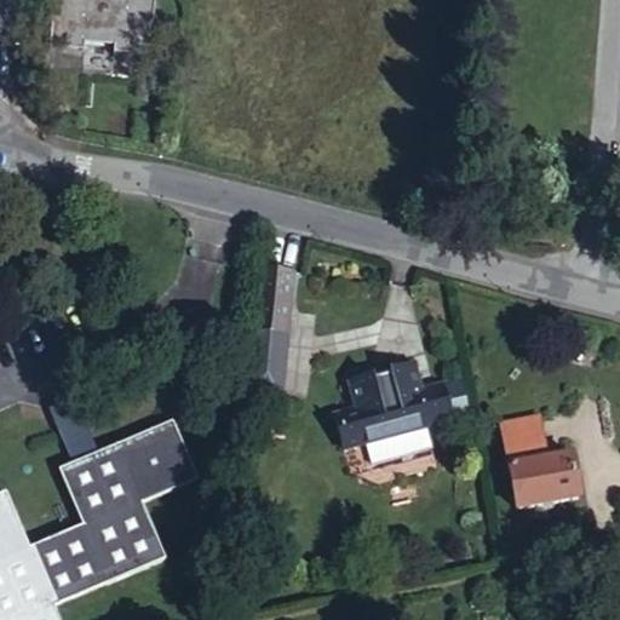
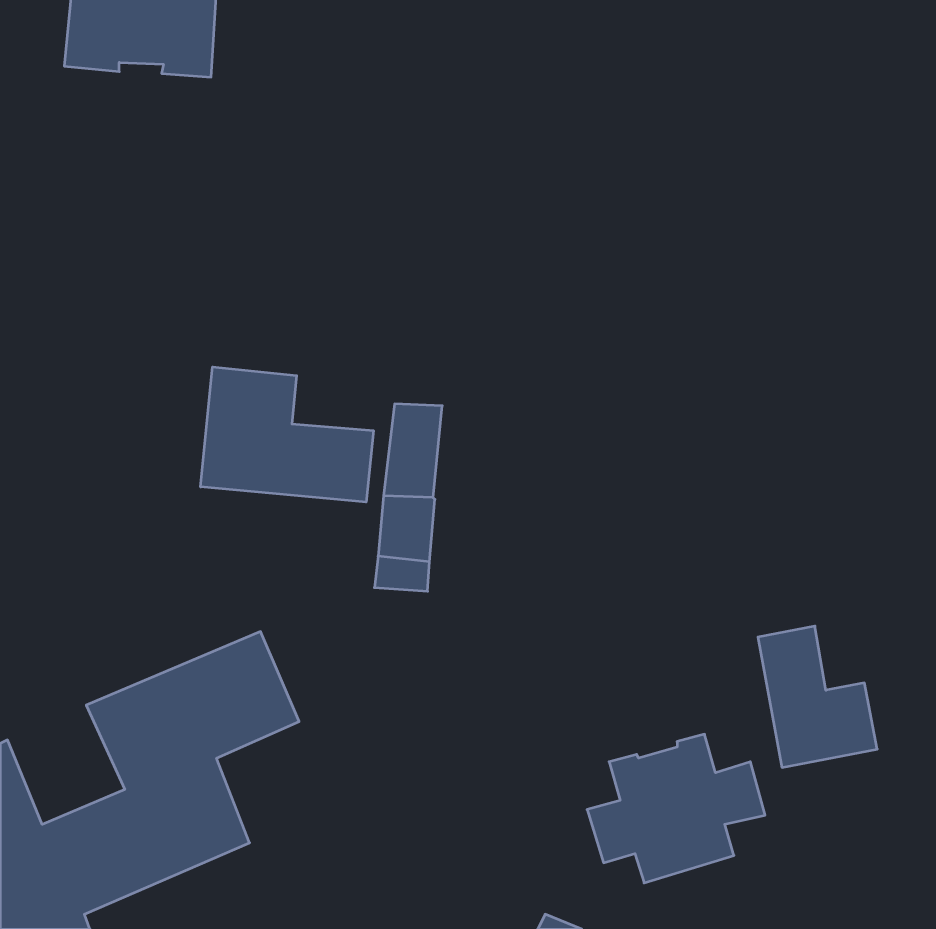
building: none -> [201,367,373,502]
building: [334,361,452,459] -> [587,734,765,883]

